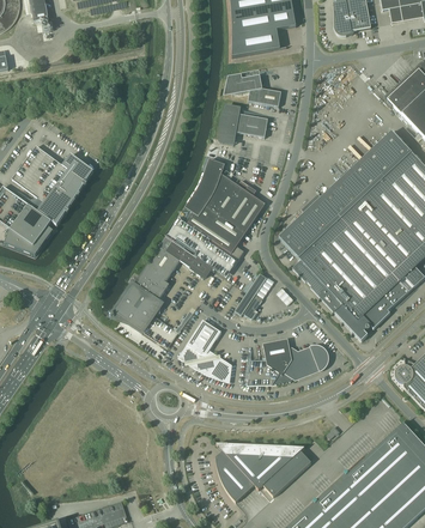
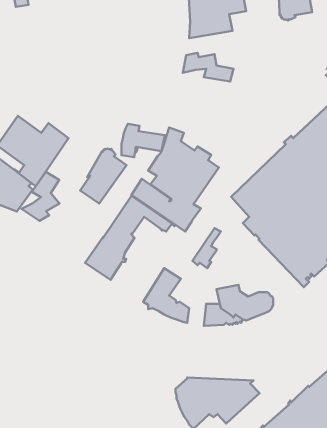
building: [220,105,269,144] -> [122,124,165,157]
building: none -> [80,149,126,203]
building: none -> [22,172,60,221]

